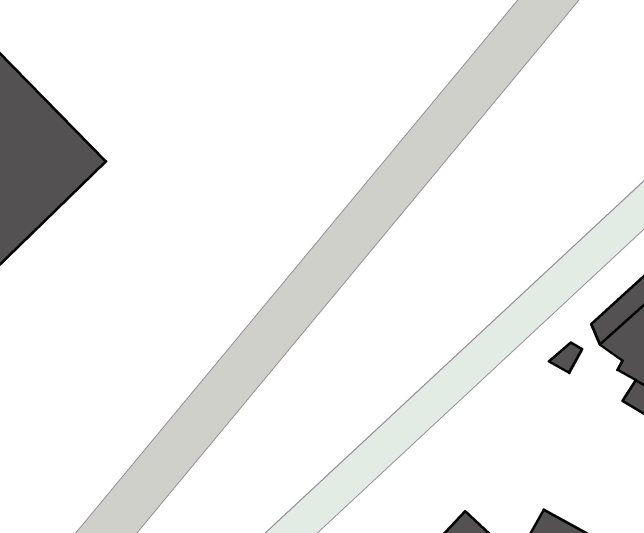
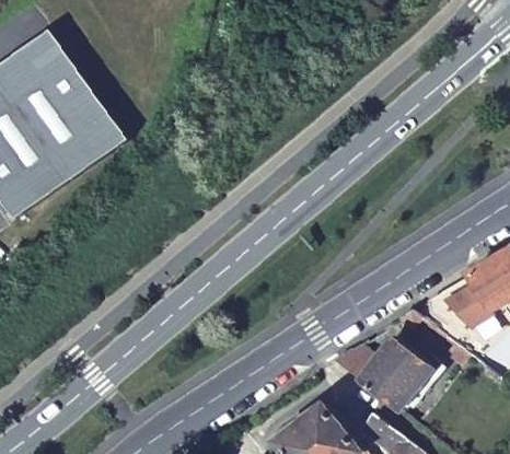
building: none -> [332,336,431,412]

